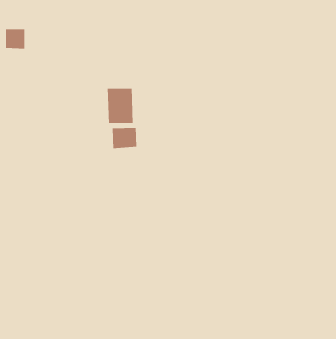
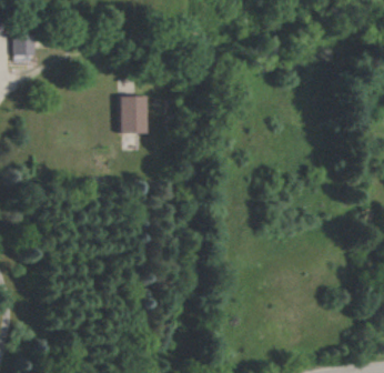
building: [112,127,137,149] -> none

